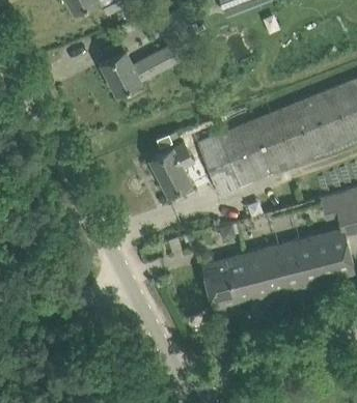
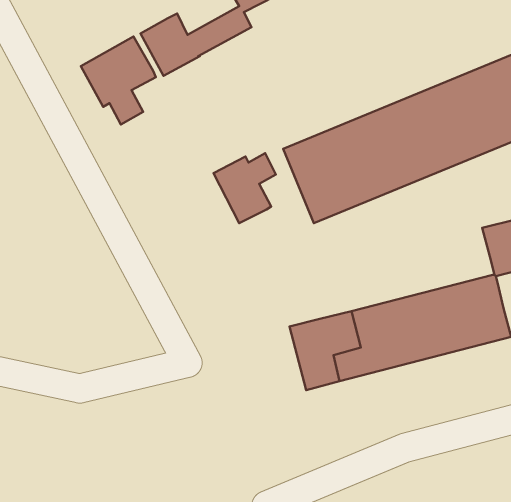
building: none -> [81,37,156,125]

